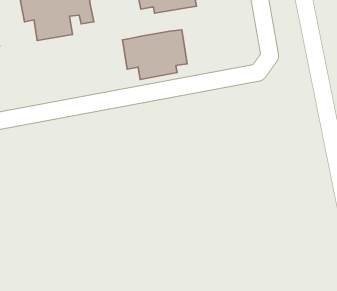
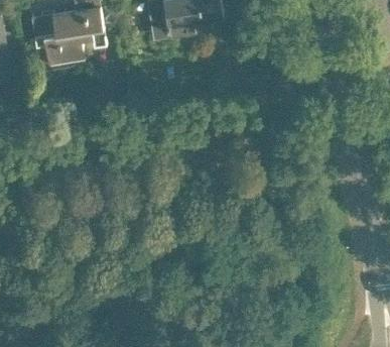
building: [122,30,187,79] -> none

